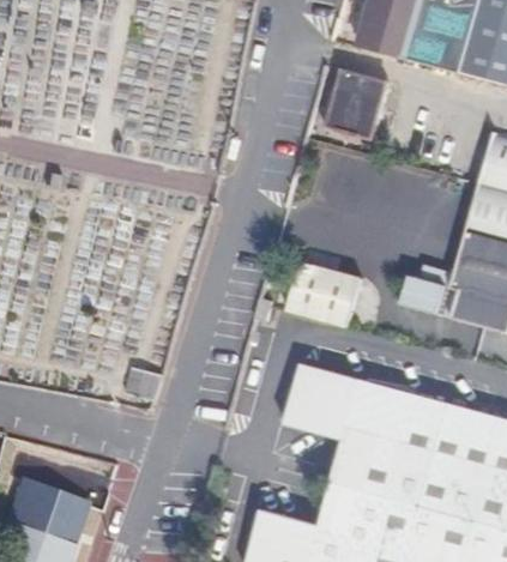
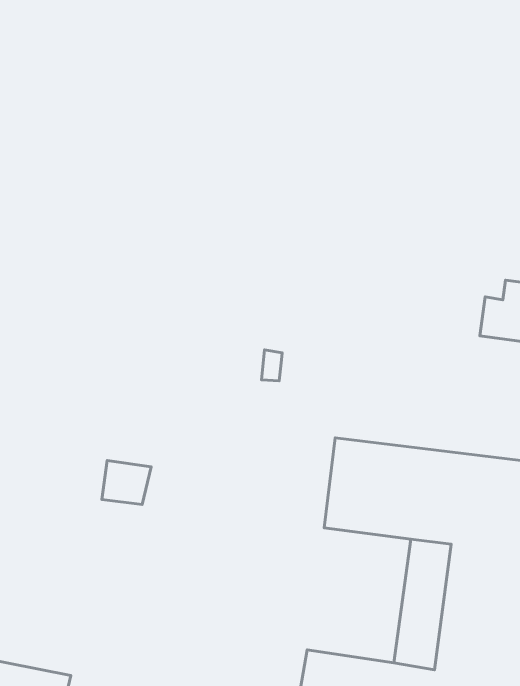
building: [328,71,387,137] -> none
building: [290,261,364,327] -> none

